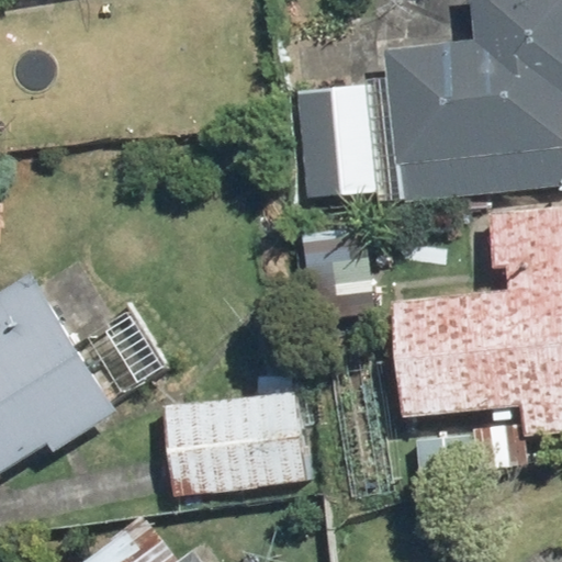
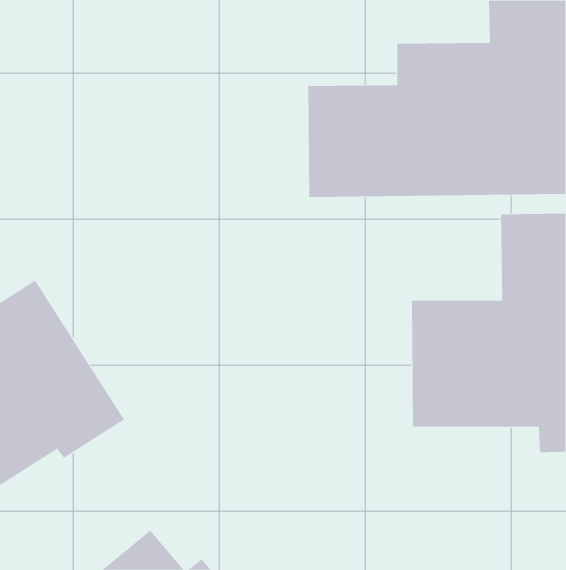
building: [177,363,308,501] -> none

